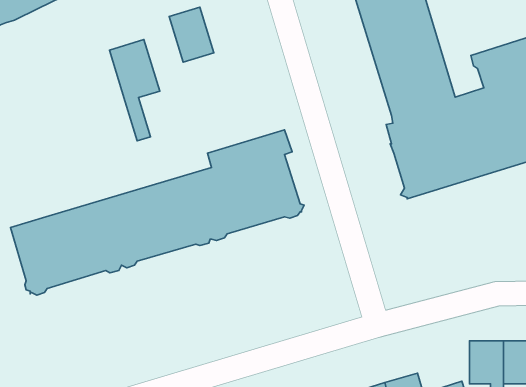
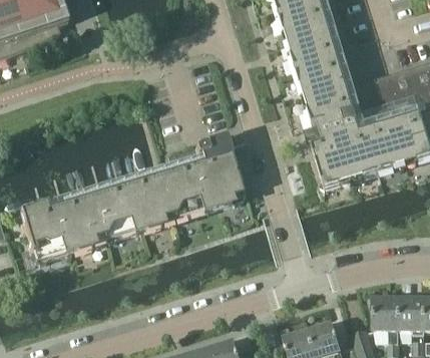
building: [169,7,214,62] -> none
building: [109,40,160,141] -> none

